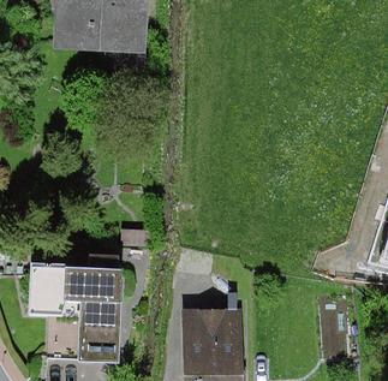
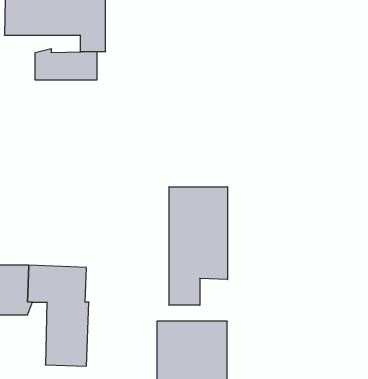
building: none -> [35,49,97,80]
building: none -> [169,187,227,305]

